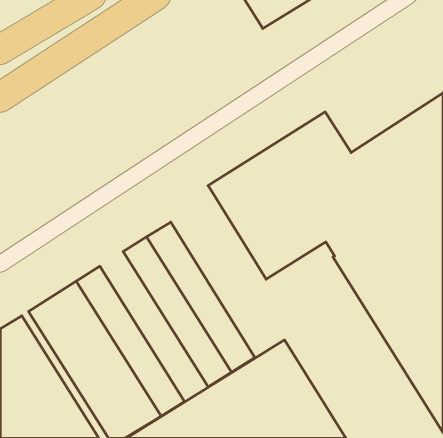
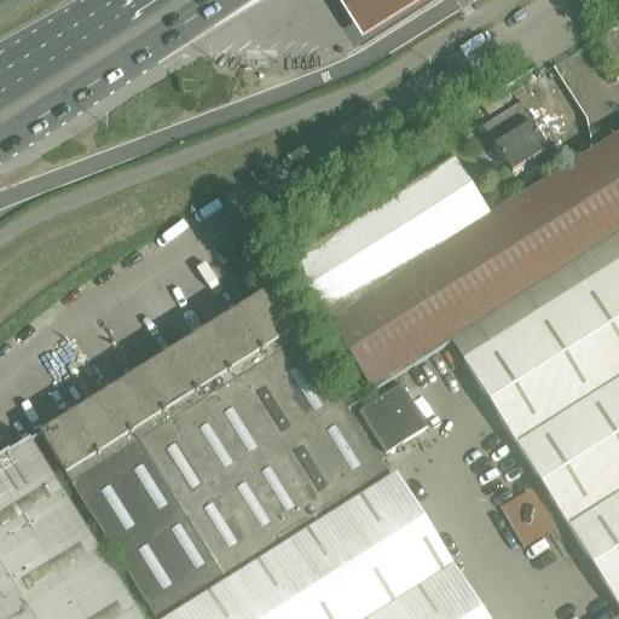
building: none -> [482,100,556,170]
building: none -> [238,288,389,498]
building: none -> [139,351,290,560]
building: none -> [359,382,428,451]

